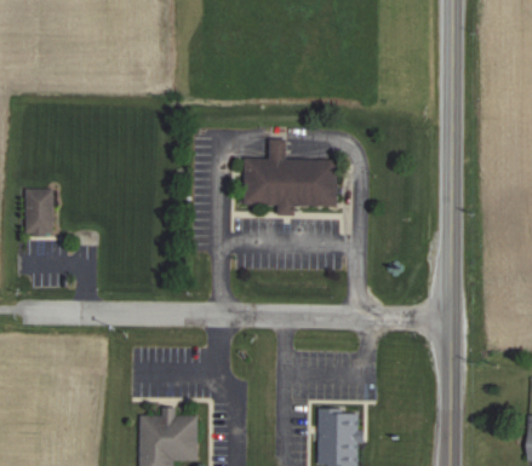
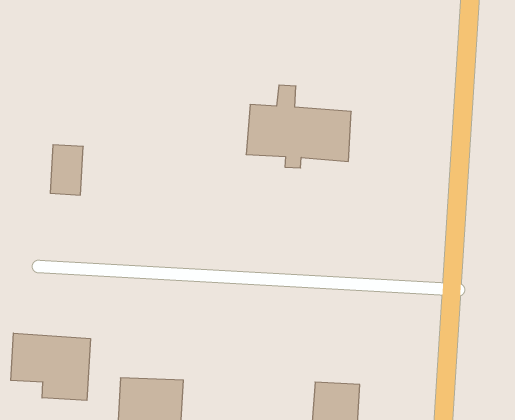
building: [25,189,53,234] -> [50,145,83,195]
building: none -> [11,333,90,400]

